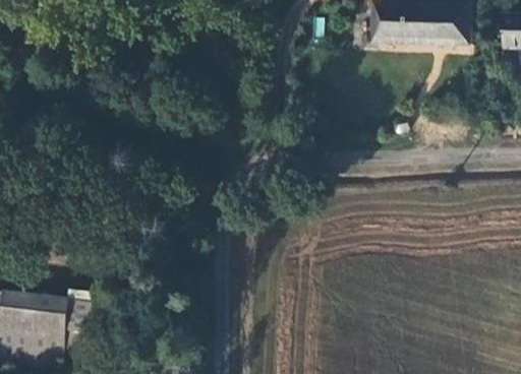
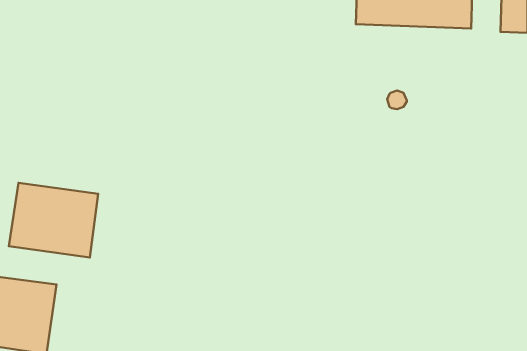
building: none -> [9,183,98,257]

